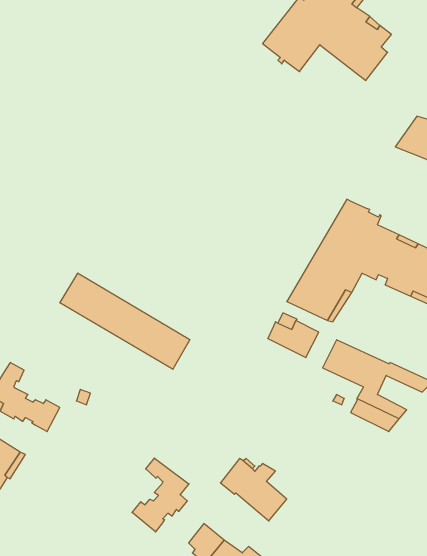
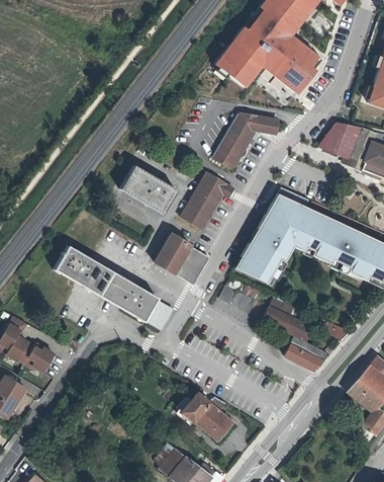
building: none -> [213,114,278,169]
building: none -> [120,166,176,215]
building: none -> [182,173,228,230]
building: none -> [155,234,210,285]
building: none -> [146,301,174,330]
building: [132,458,189,532] -> none

